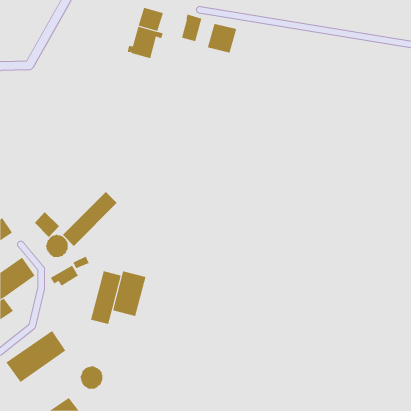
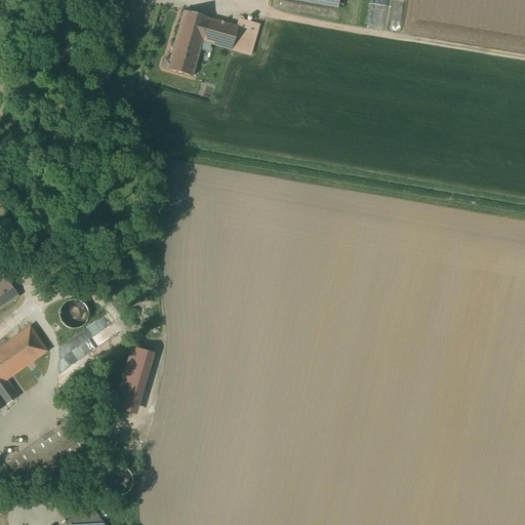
building: none -> [201,17,237,48]
building: [207,23,237,54] -> none
building: [62,191,117,247] -> none
building: [34,211,60,238] -> none
building: [112,270,146,317] -> none

